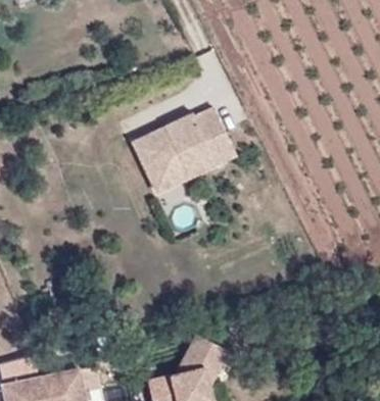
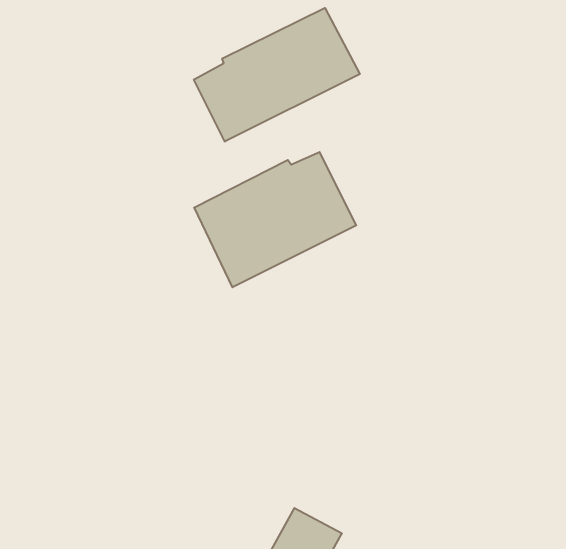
building: none -> [194,8,360,142]

